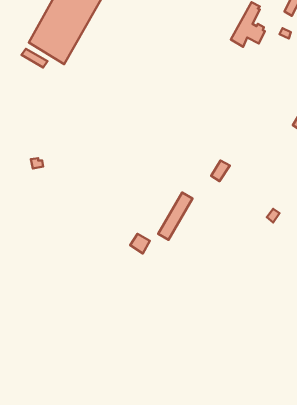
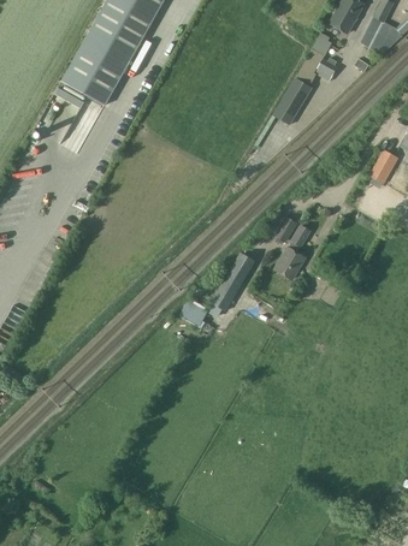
building: none -> [273,78,313,125]
building: none -> [276,226,309,279]

